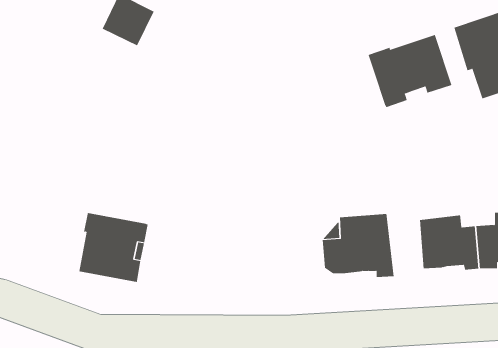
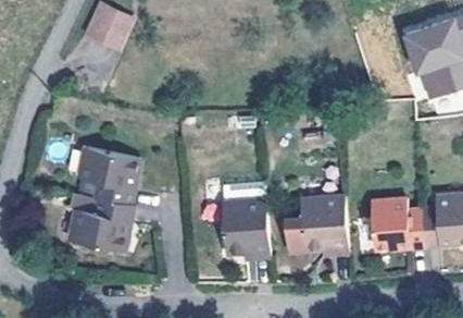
building: [368,34,452,108] -> none
building: none -> [82,145,139,207]
building: none -> [222,201,270,258]

